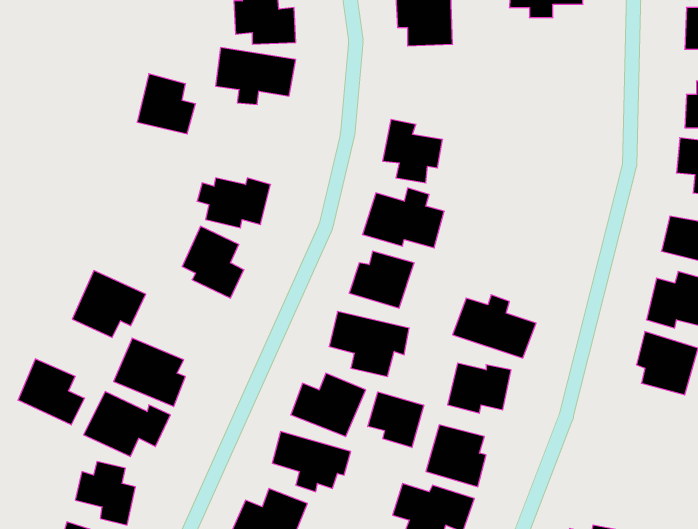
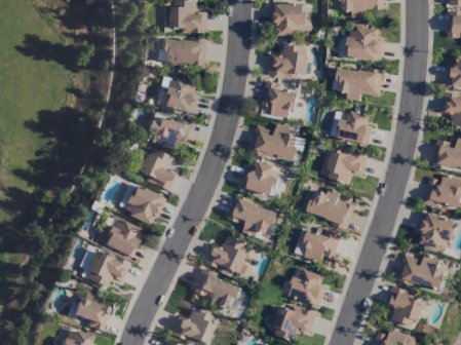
building: none -> [347,28,382,60]
building: none -> [268,43,307,77]
building: [137,74,196,134] -> [162,76,198,113]
building: none -> [336,66,383,101]
building: none -> [336,109,373,146]
building: none -> [325,149,368,183]
building: [72,271,146,337] -> [121,183,166,224]
building: [18,359,85,425] -> none
building: [368,392,424,448] -> none
building: none -> [396,254,446,291]
building: none -> [386,285,423,327]

